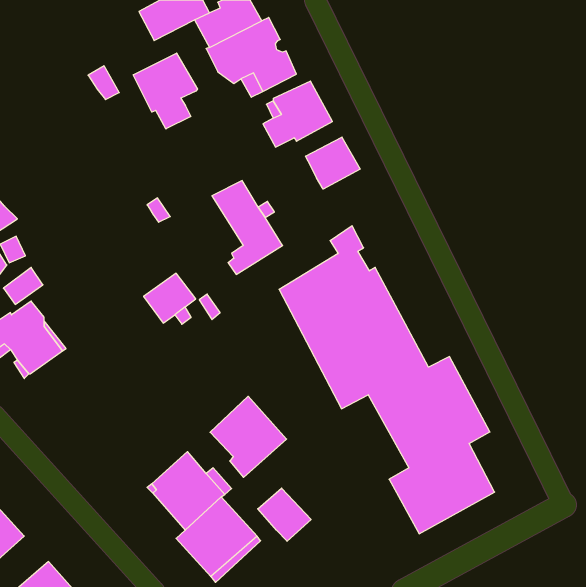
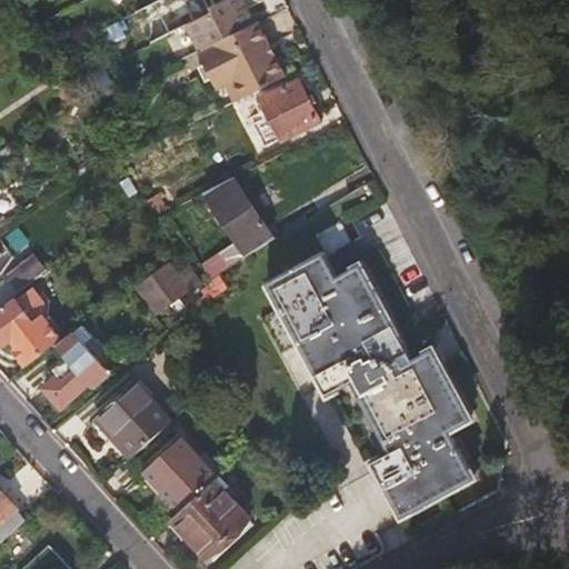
building: [133,53,197,129] -> none
building: [306,137,360,189] -> none
building: none -> [42,329,108,408]
building: [210,396,287,477] -> [92,381,166,459]
building: [258,488,311,541] -> none

